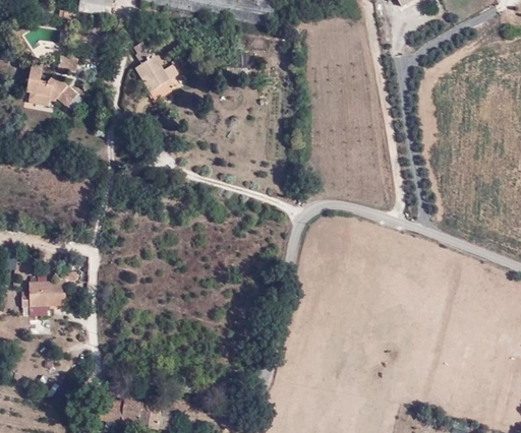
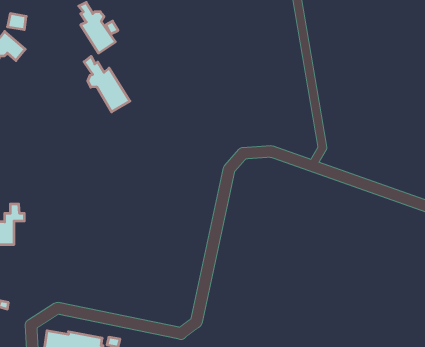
building: none -> [84,56,130,112]

